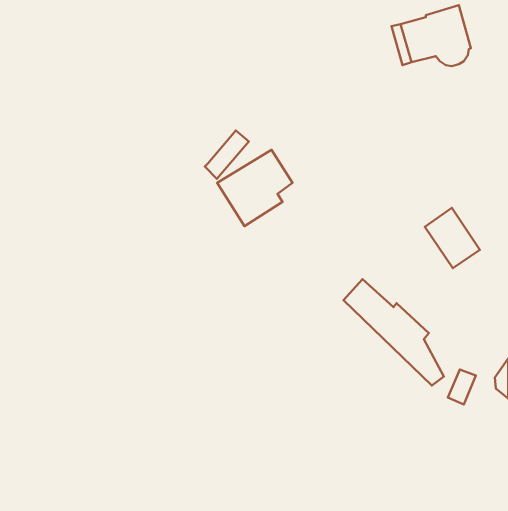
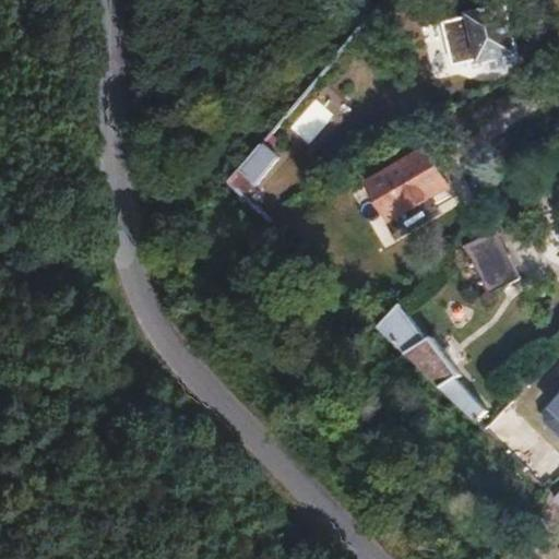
building: [217,150,293,226] -> [362,148,444,231]

